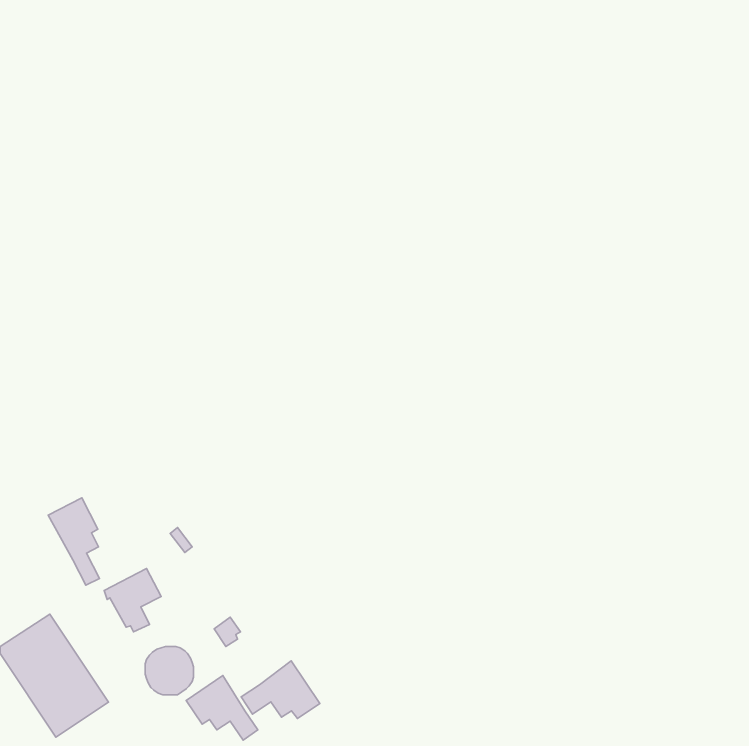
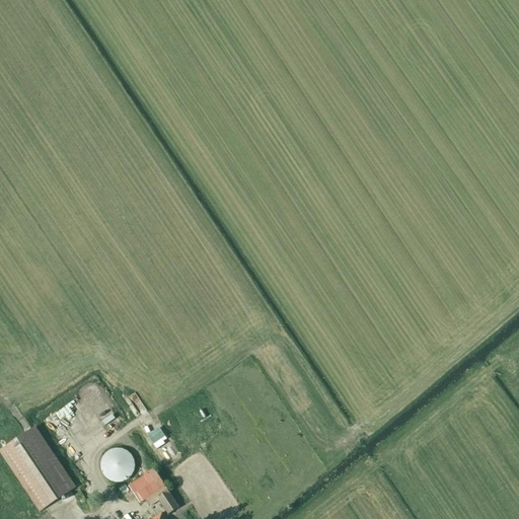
building: [48,498,99,585] -> none
building: [241,661,320,719] -> none

